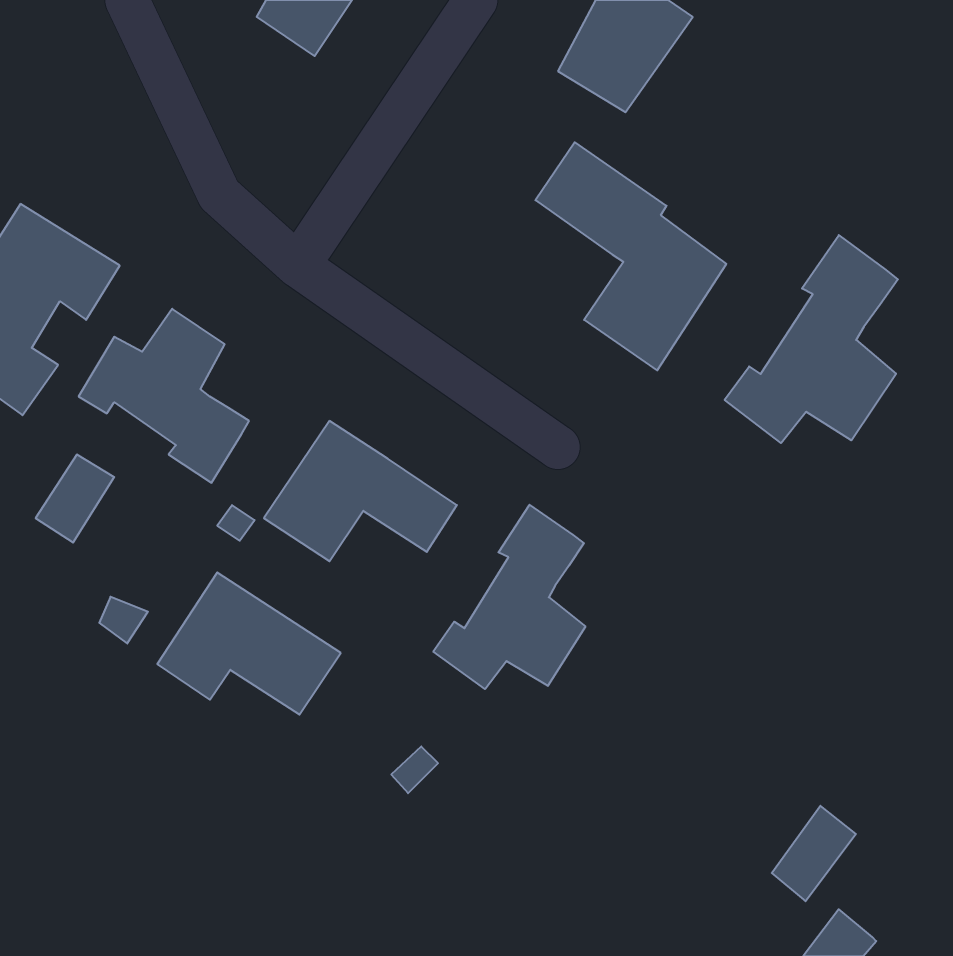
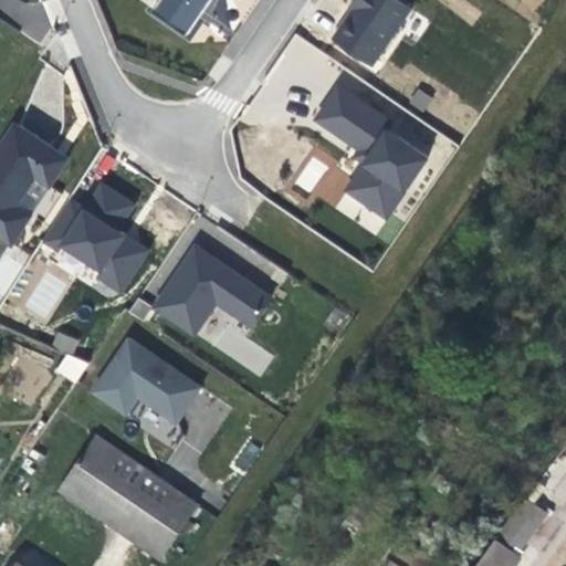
building: [725,235,898,443] -> none
building: [433,505,585,689] -> none
building: none -> [56,436,196,559]
building: [772,806,856,901] -> [495,497,545,554]

